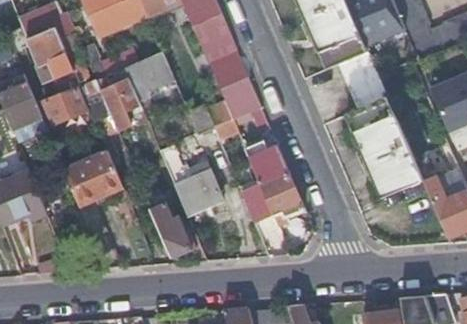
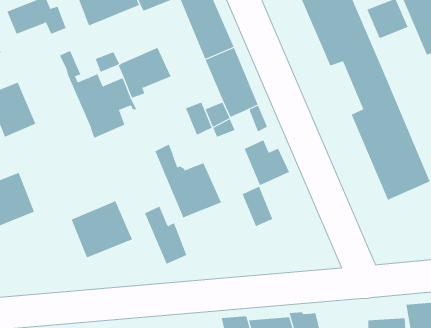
building: [27,28,74,78] -> none
building: [43,78,89,123] -> none
building: [64,151,123,206] -> [71,201,133,258]
building: [259,170,304,226] -> none

